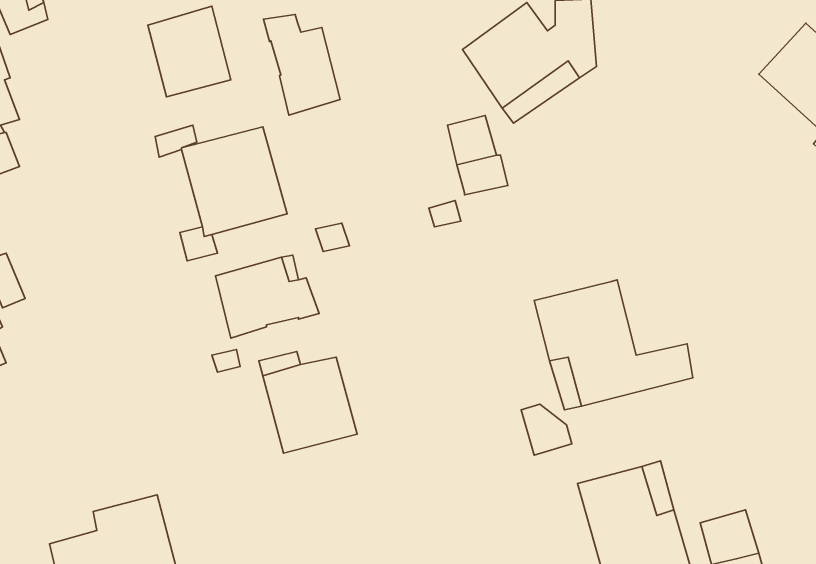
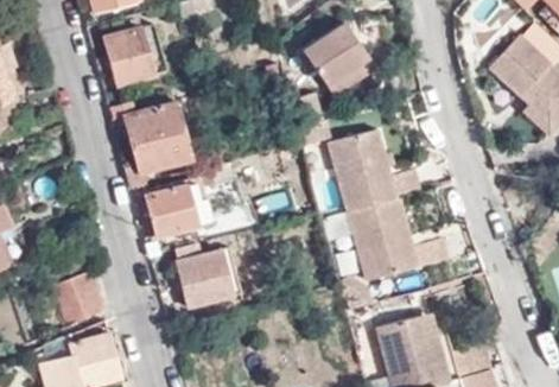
building: [263,14,340,115] -> none
building: none -> [330,128,421,210]
building: none -> [51,271,103,326]

